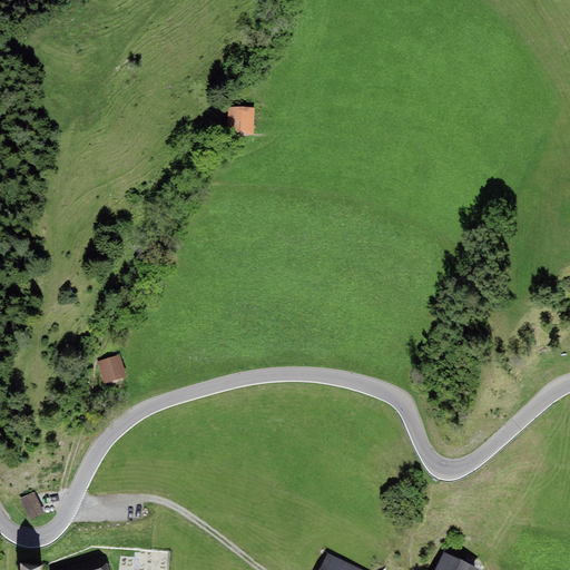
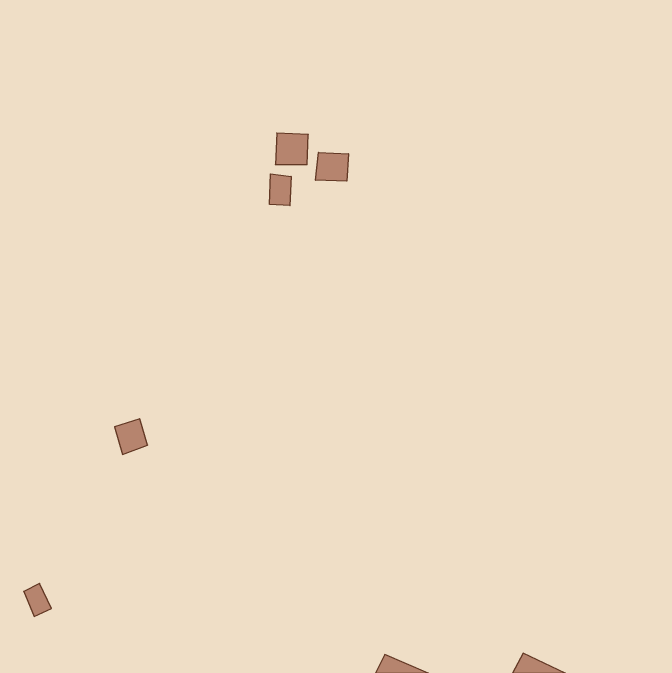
building: none -> [316,152,348,181]
building: none -> [270,174,291,206]

